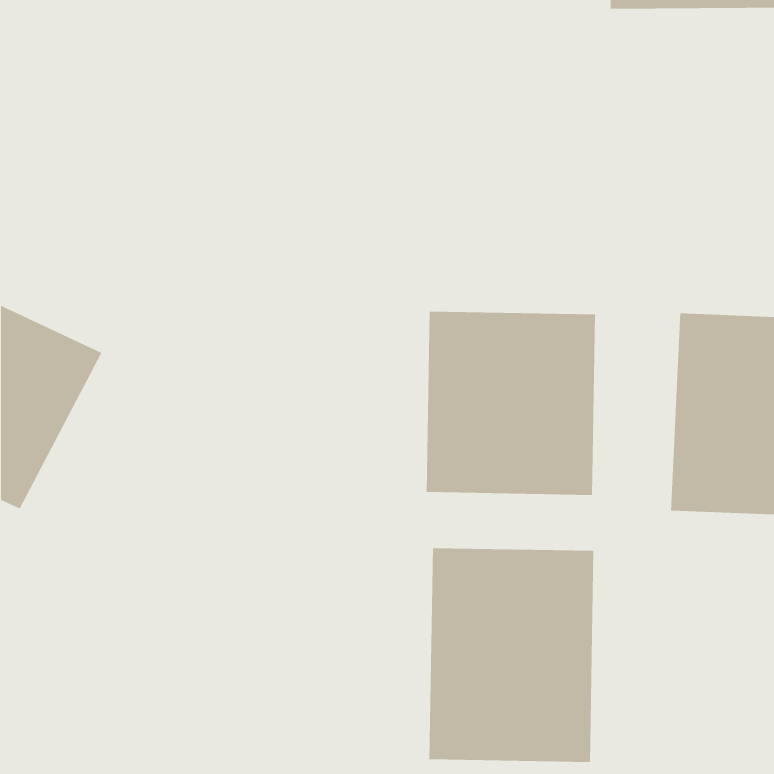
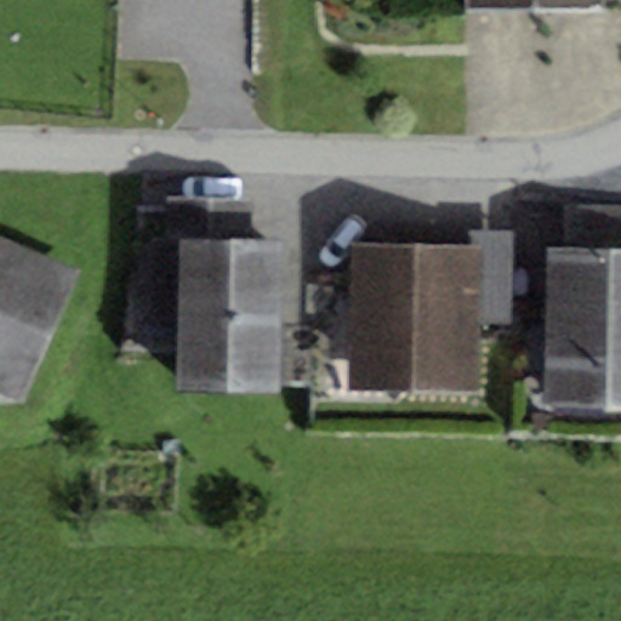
building: none -> [171,235,279,389]
building: [429,547,594,763] -> none

